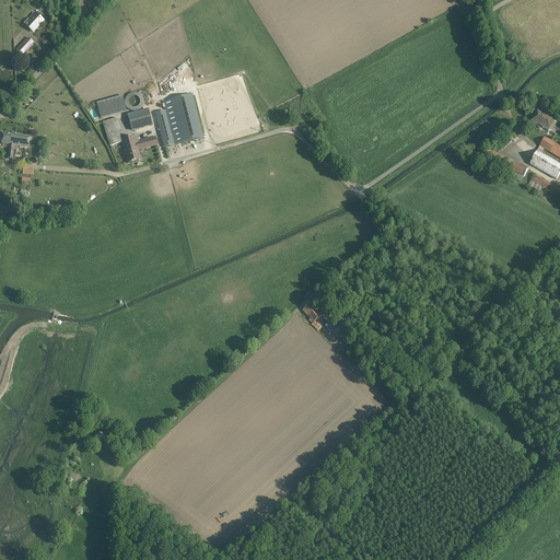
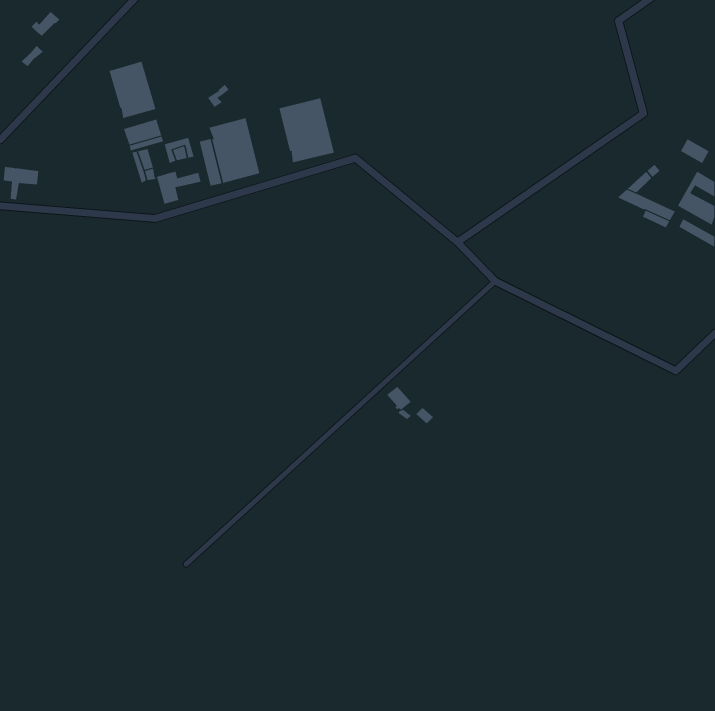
building: none -> [109,61,156,119]
building: none -> [279,98,334,163]

